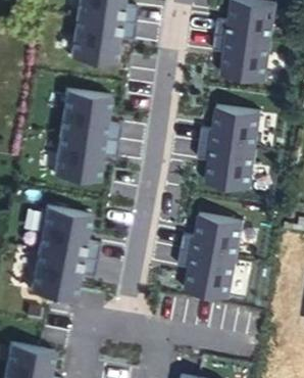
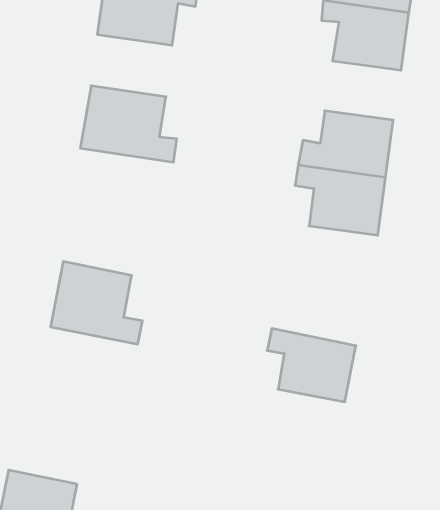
building: [50,131,117,181] -> none
building: [182,214,245,261] -> none
building: [29,248,94,299] -> none

